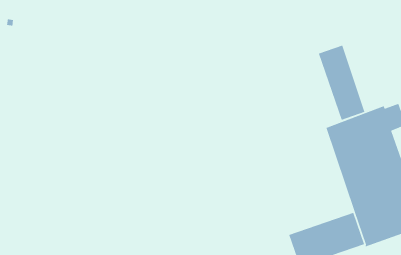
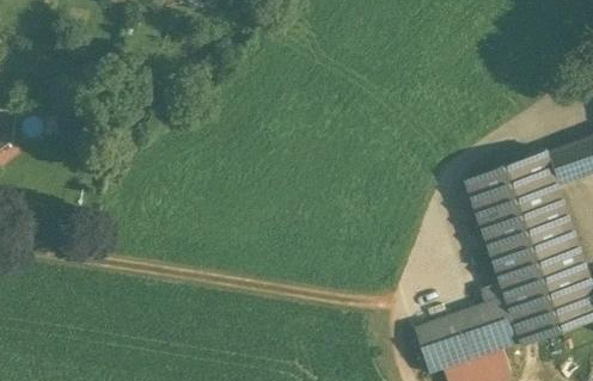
building: [318,45,366,121] -> none

